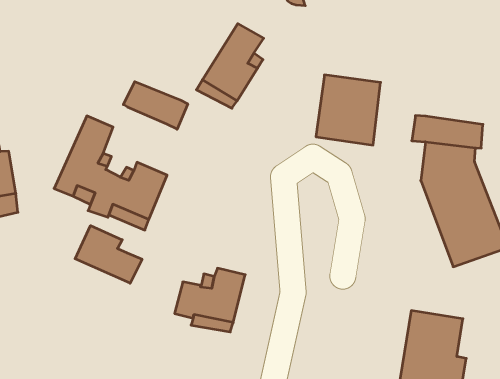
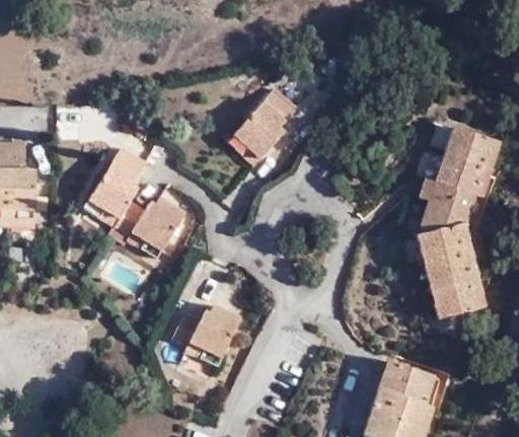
building: [316,75,381,145] -> [433,132,500,203]
building: [123,82,188,129] -> none
building: [75,226,142,283] -> none

